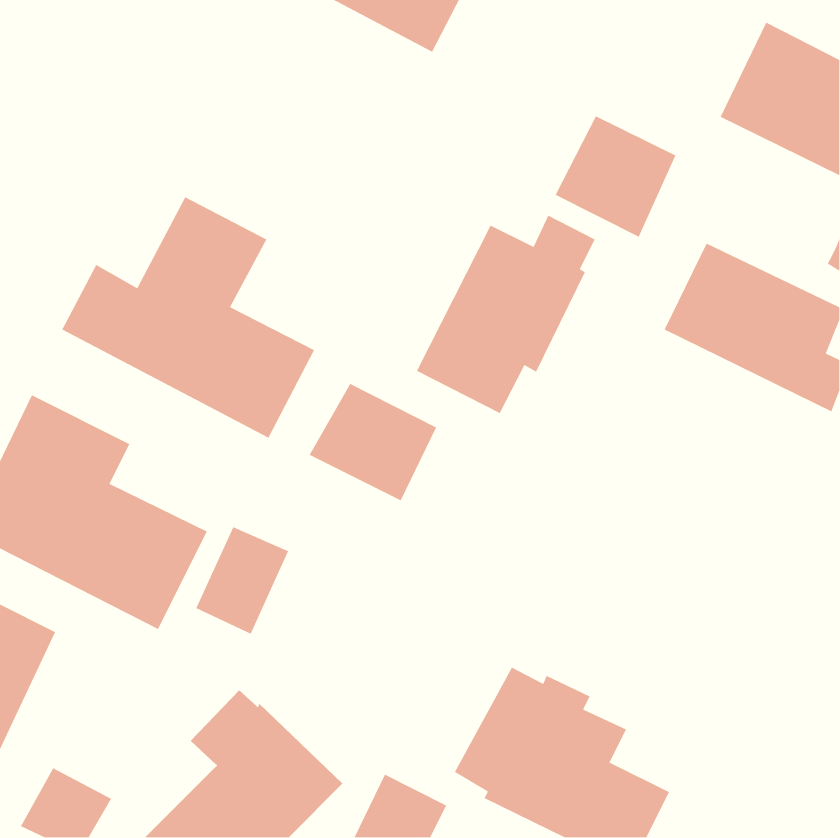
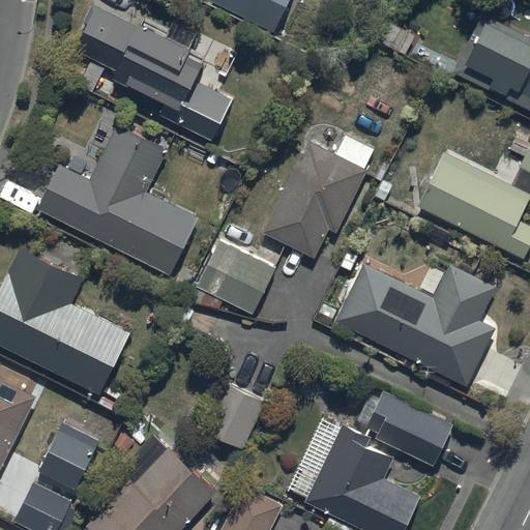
building: none -> [73,6,231,141]
building: [554,115,677,238] -> none
building: none -> [333,265,496,386]
building: [195,526,289,635] -> [207,384,266,452]
building: none -> [355,390,452,466]
building: none -> [36,422,99,491]

